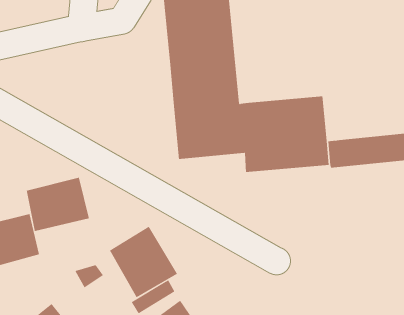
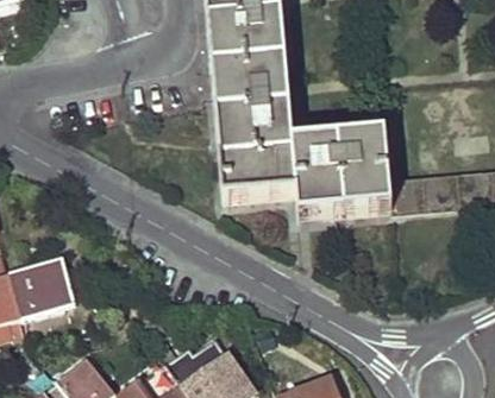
building: [26,177,89,232] -> none
building: [109,226,178,298] -> none

